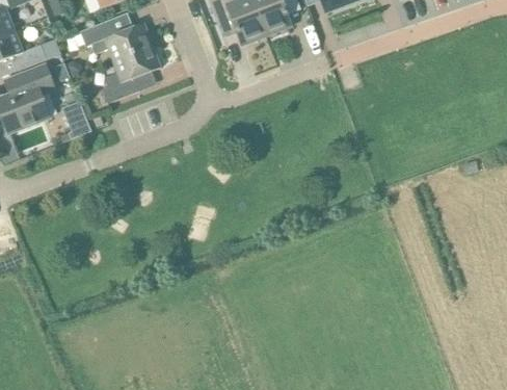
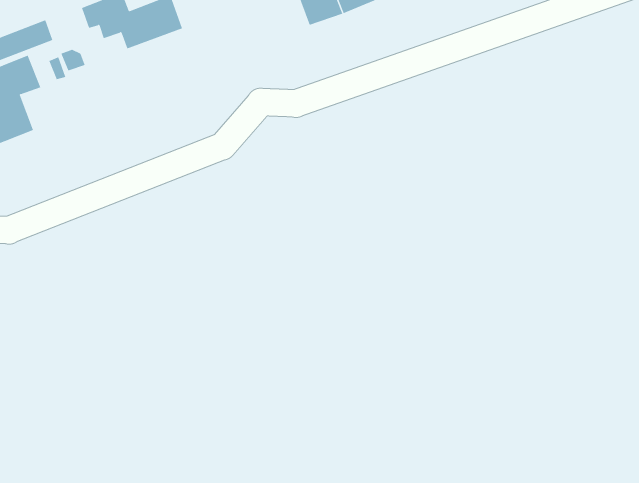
building: [102,45,160,102] -> none
building: [63,102,90,138] -> none

